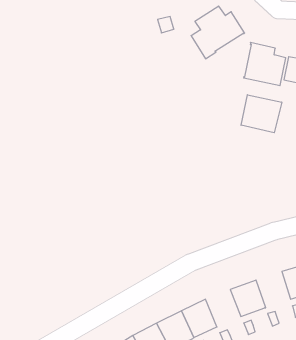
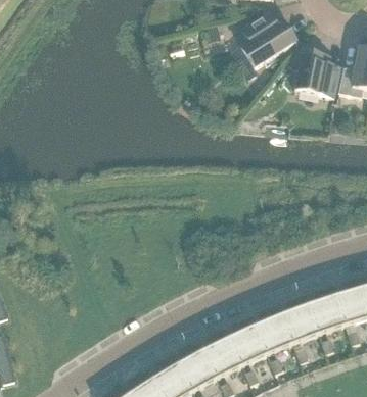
building: [241,95,282,133] -> none
building: none -> [309,294,346,333]
building: none -> [255,313,292,353]

